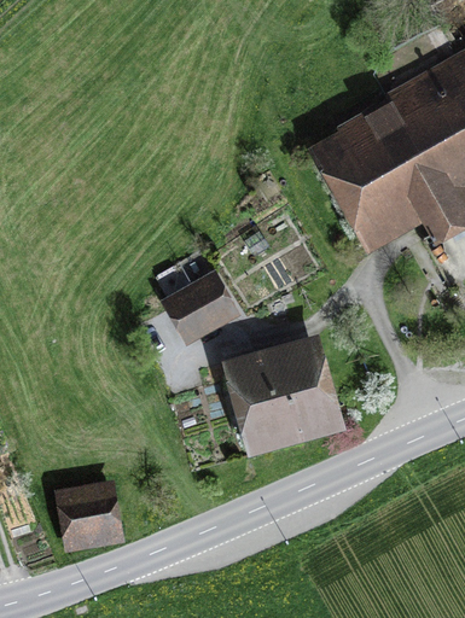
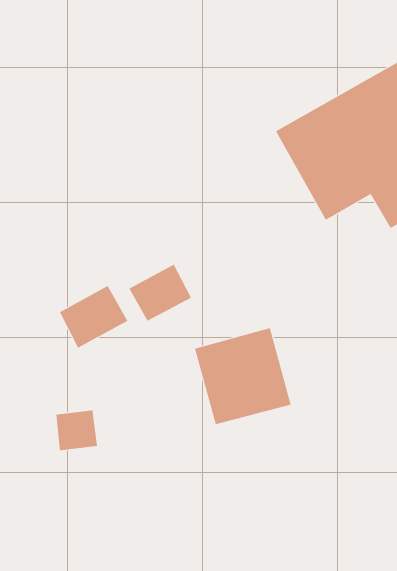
building: none -> [59,285,128,348]
building: [68,491,111,534] -> [56,410,98,451]

